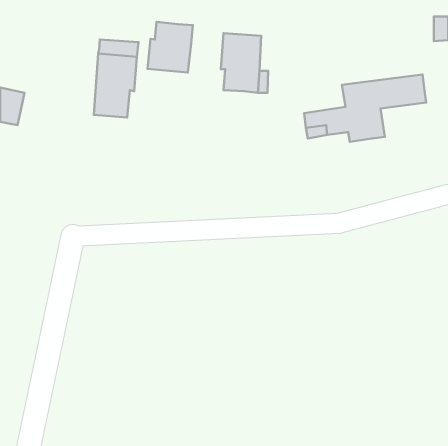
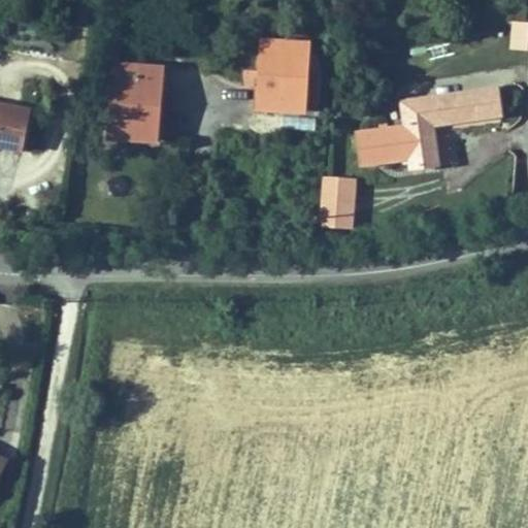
building: [148,22,193,73] -> none
building: none -> [321,176,355,225]

